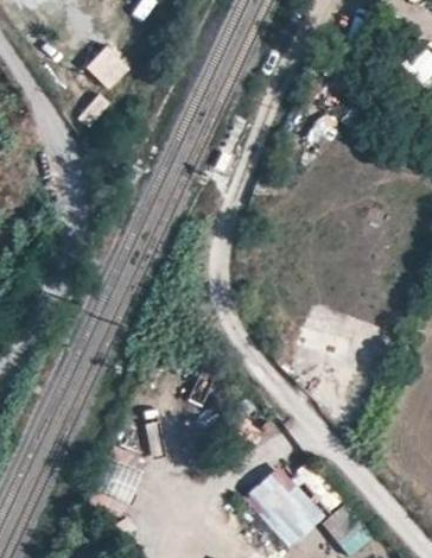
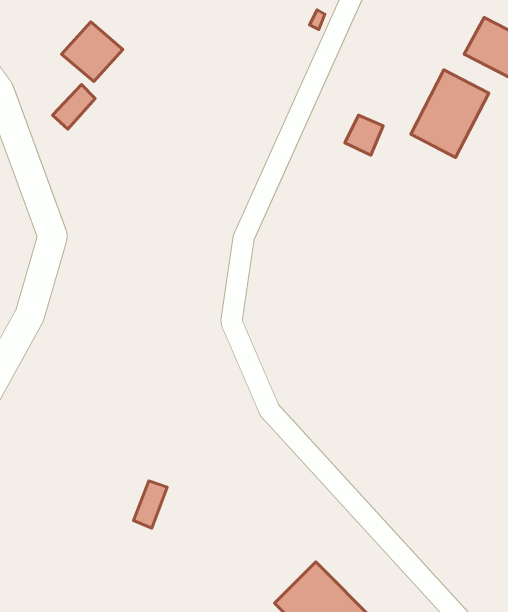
building: none -> [411,70,489,157]

